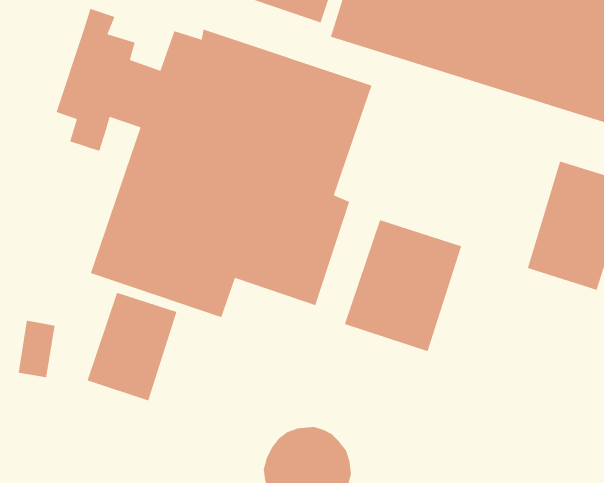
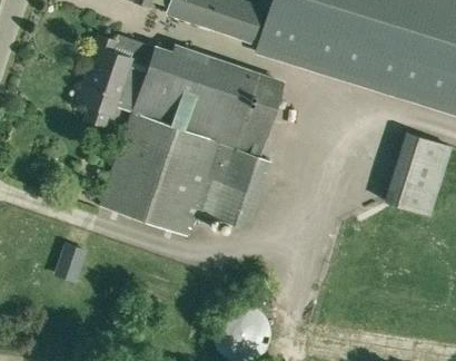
building: [344,219,462,352] -> none
building: [86,292,178,401] -> none

